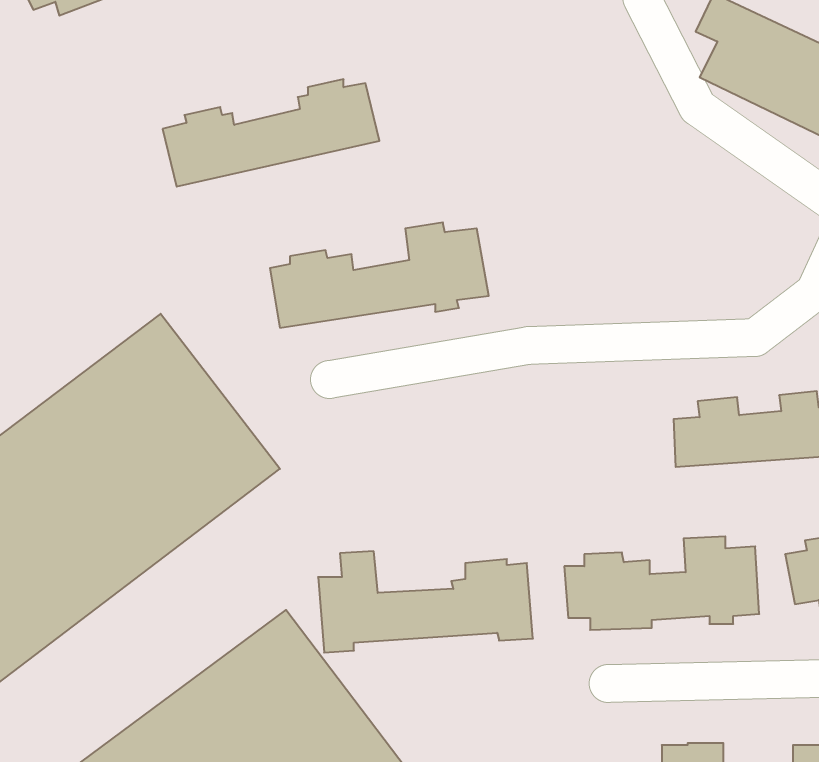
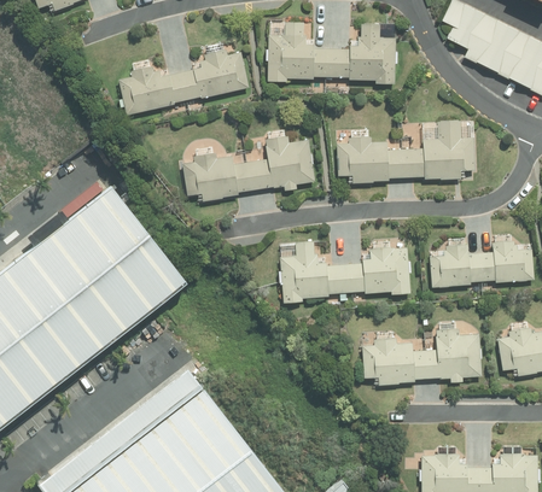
building: none -> [267,22,395,82]
building: none -> [339,119,474,183]
building: [318,551,533,653] -> [280,239,410,300]

